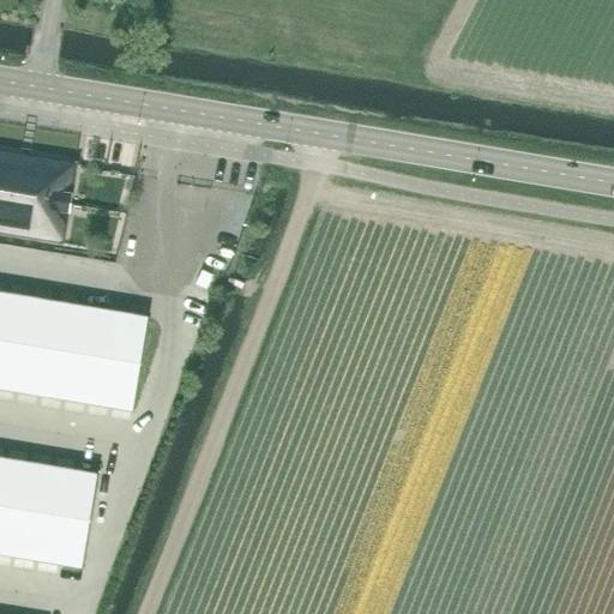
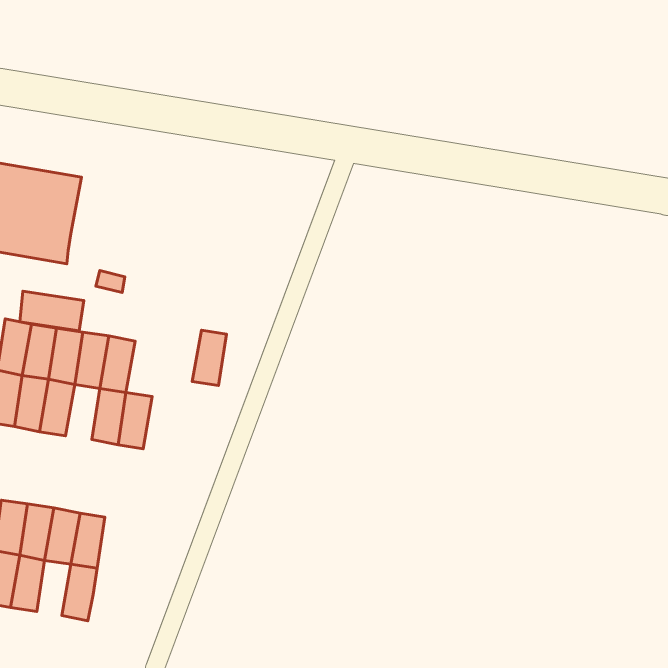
building: none -> [20,291,84,331]
building: [115,312,146,362] -> [192,330,226,385]
building: [60,351,91,402] -> none
building: [34,512,65,562] -> none

